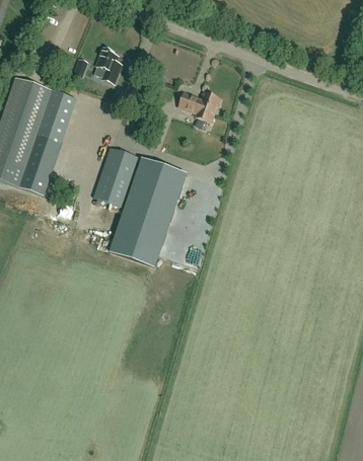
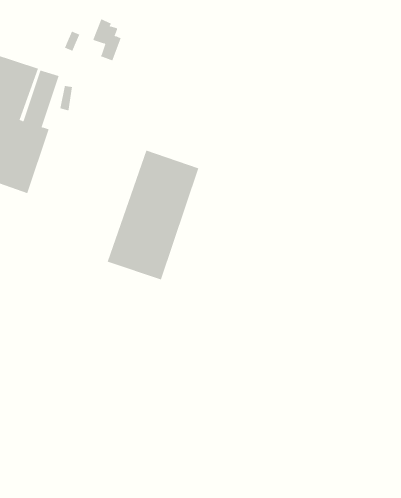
building: [179,92,220,122] -> none
building: [93,148,140,207] -> none

